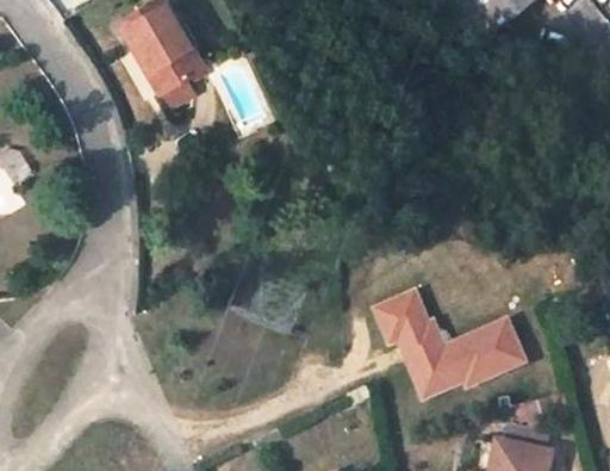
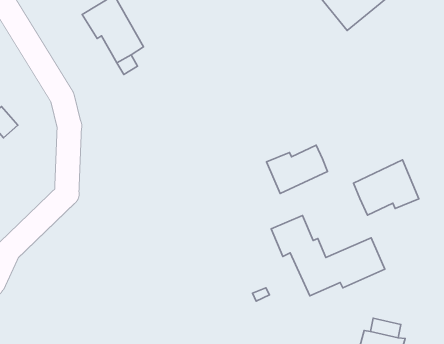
building: none -> [266,145,328,194]
building: none -> [354,160,419,215]

